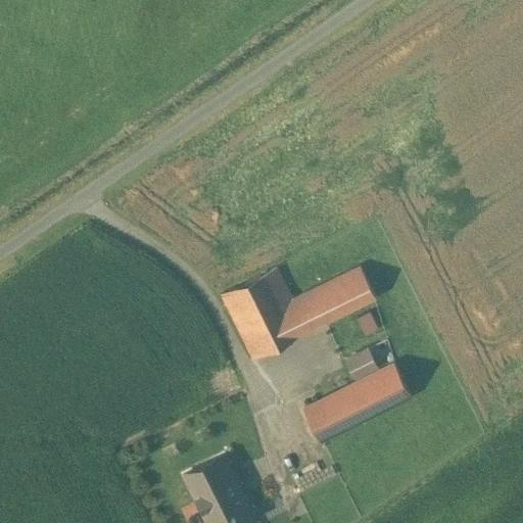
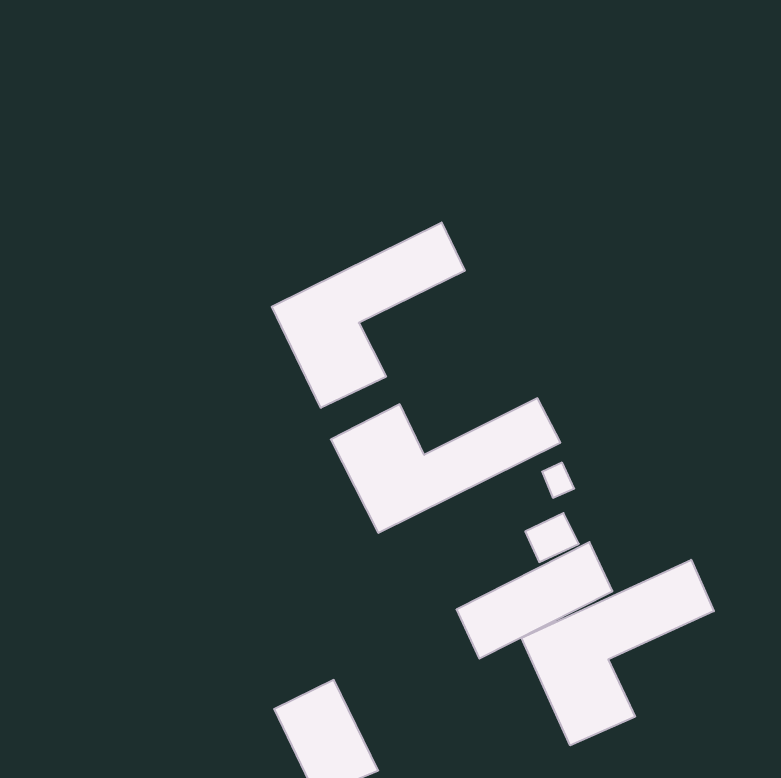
building: none -> [272,222,465,408]
building: none -> [522,560,714,745]

